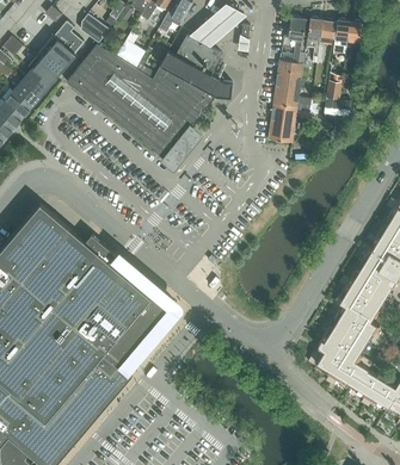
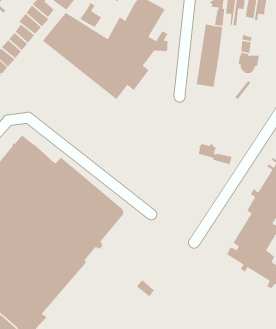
building: none -> [198,143,233,165]

